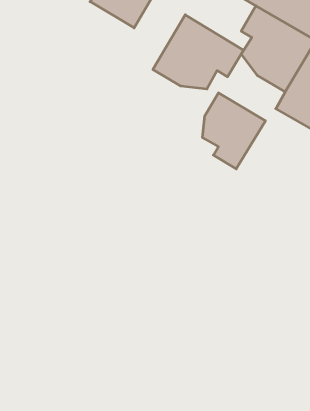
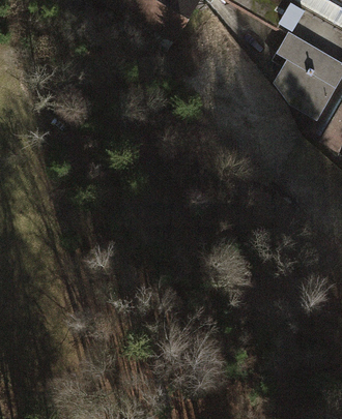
building: [153,15,244,89] -> none
building: [203,93,265,169] -> none

